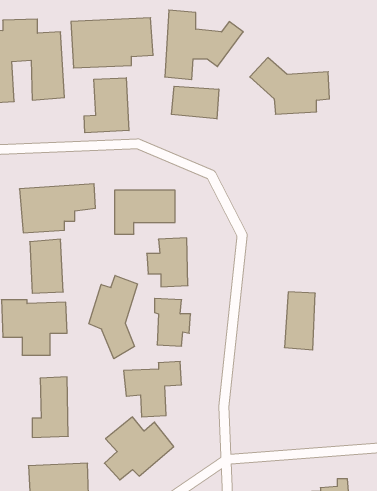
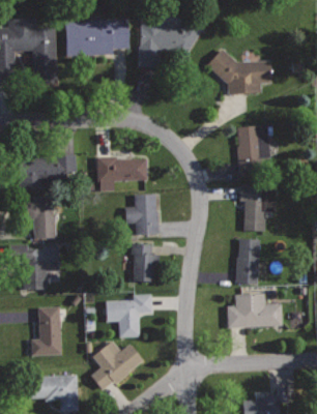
building: [84,78,129,133] -> none
building: [171,86,219,119] -> none
building: none -> [236,124,271,173]
building: none -> [239,186,278,232]
building: [89,275,137,359] -> none
building: none -> [227,293,283,328]

